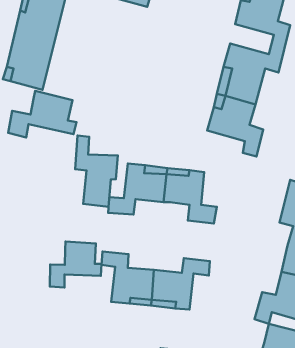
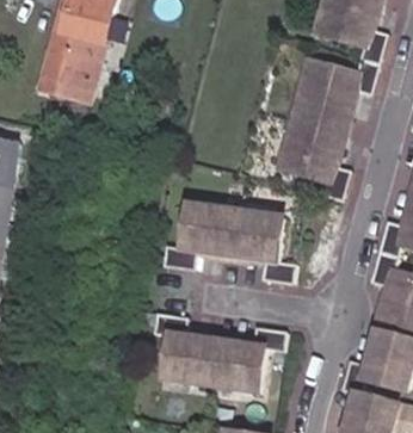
building: [8,91,76,137] -> none
building: [75,136,118,207] -> none
building: [50,241,102,287] -> none

